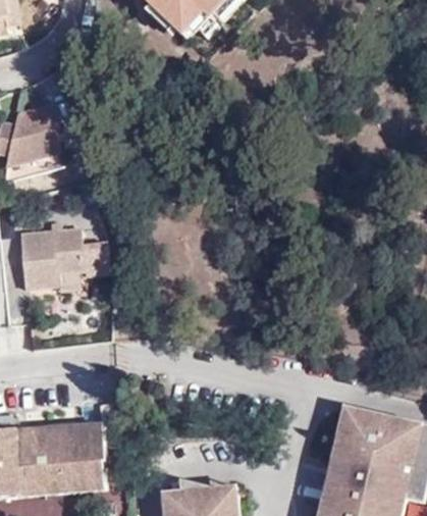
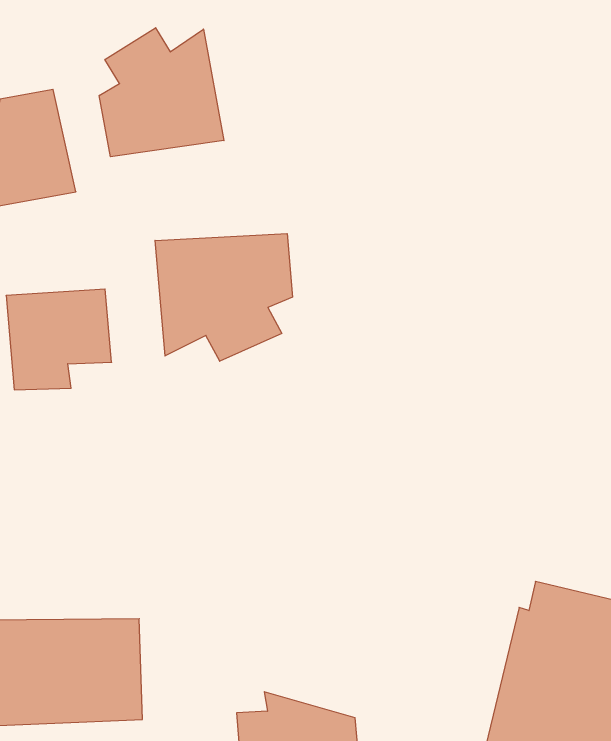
building: none -> [99,28,224,157]
building: none -> [155,234,293,361]

